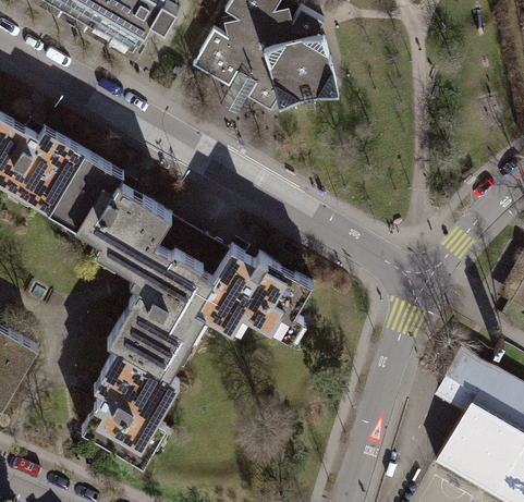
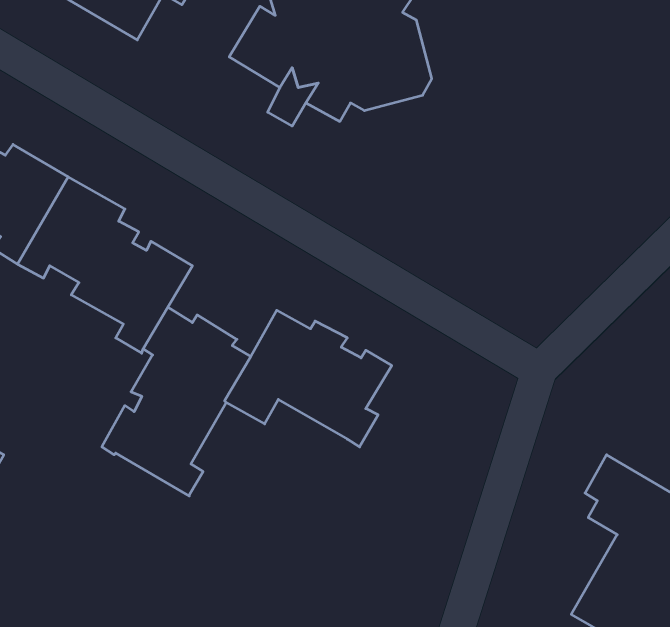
building: [156,215,227,271] -> none
building: [78,346,176,465] -> none

